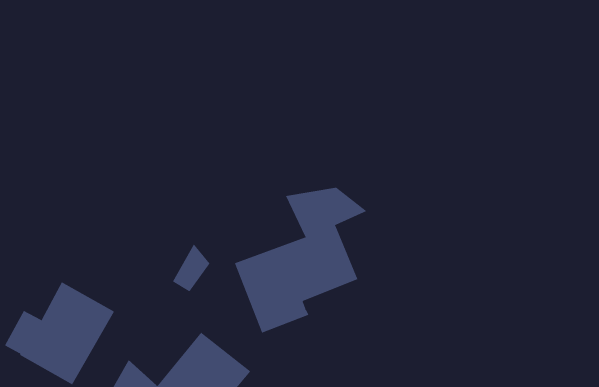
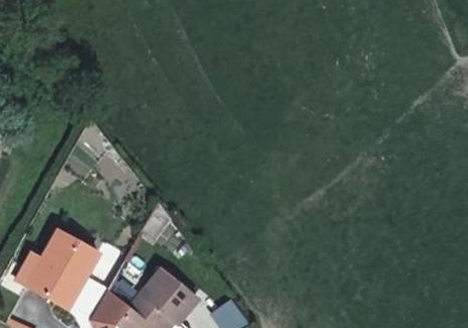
building: [234,187,367,334] -> none

